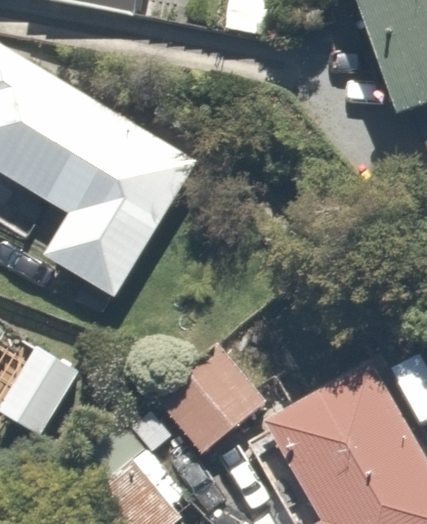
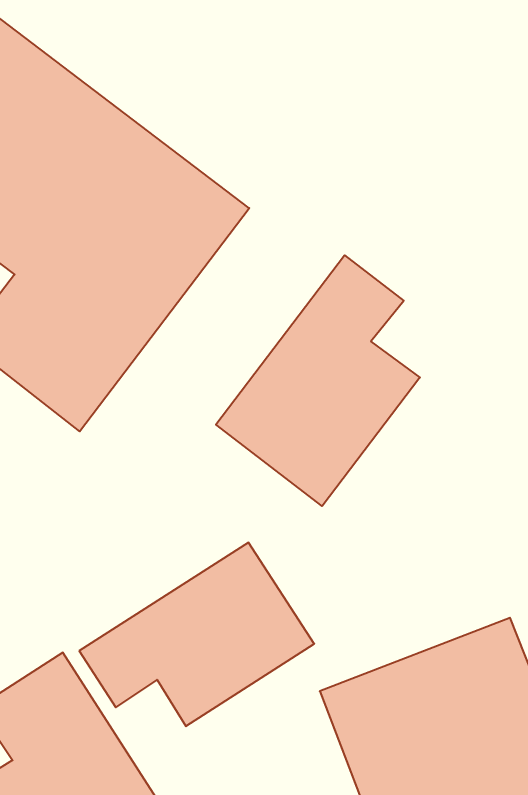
building: none -> [216,255,420,506]

